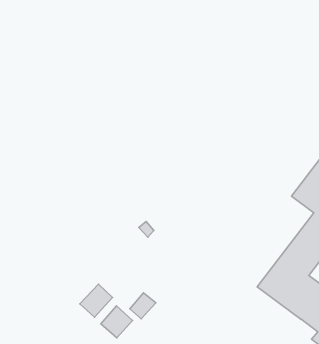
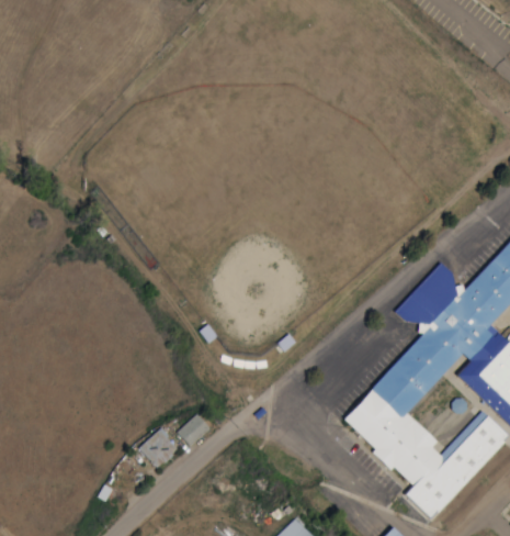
building: [80,284,112,317] -> none

